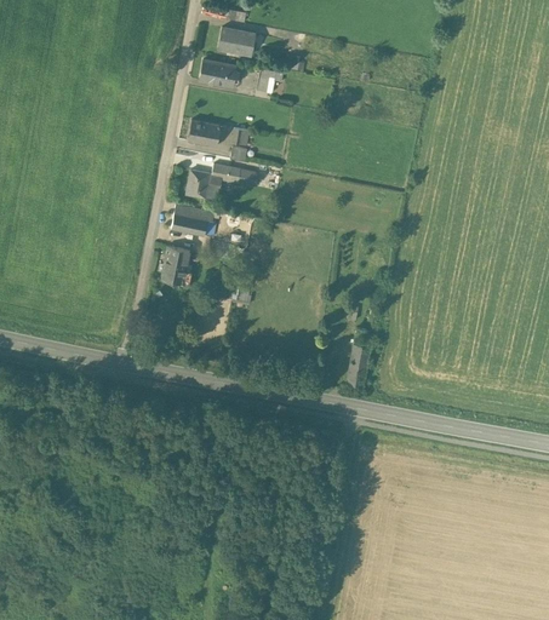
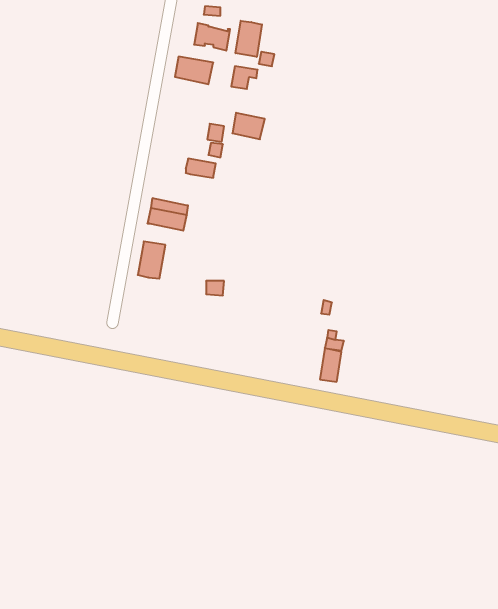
building: none -> [236,21,262,57]
building: [189,120,222,147] -> [232,113,265,139]
building: [187,170,211,199] -> none

